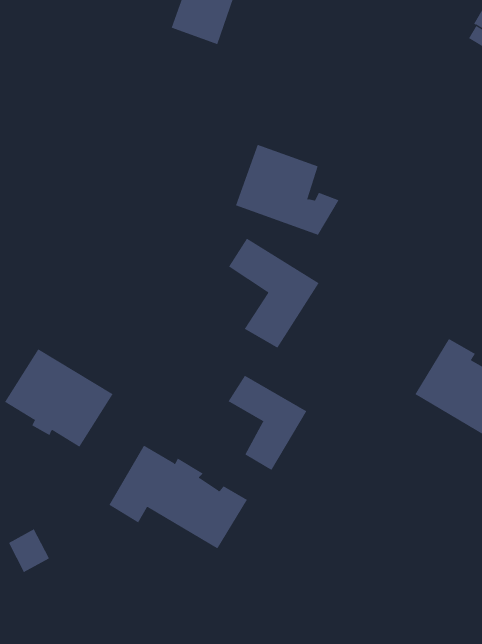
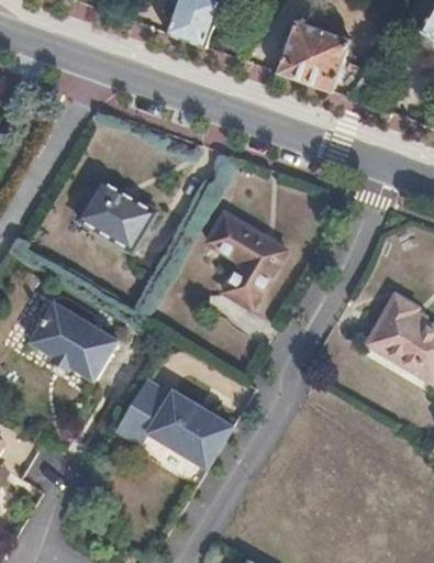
building: [235,144,339,235] -> [276,20,364,97]
building: none -> [78,178,156,252]
building: [228,375,307,471] -> none

